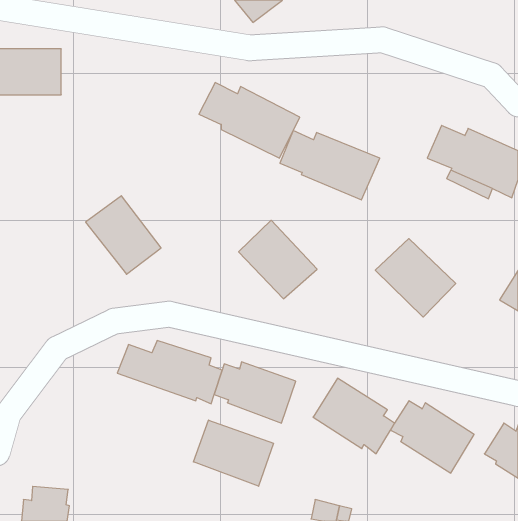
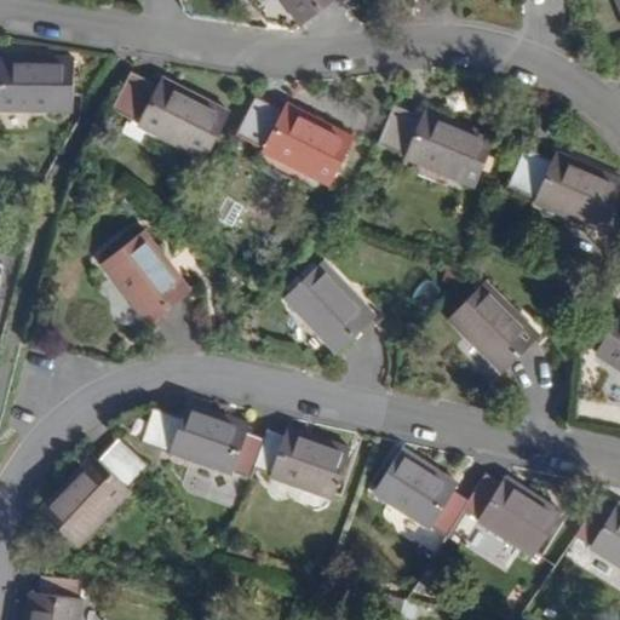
building: none -> [113,73,230,161]
building: [280,131,380,200] -> [379,107,498,189]
building: none -> [40,440,148,550]
building: [193,420,273,486] -> none

